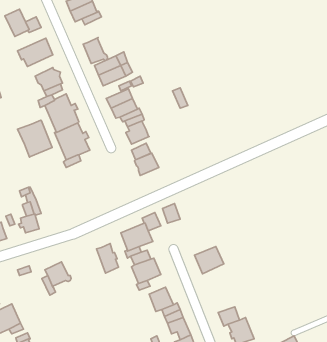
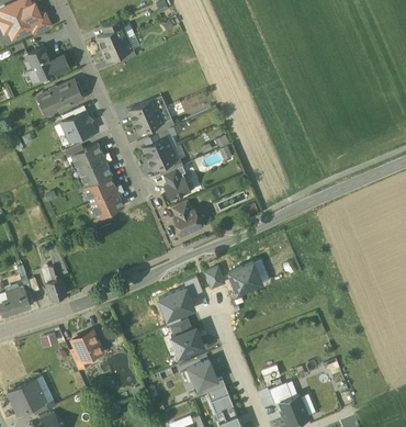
building: [83,38,107,64] -> none
building: [18,120,52,157] -> none
building: [97,244,118,273] -> none
building: [195,246,224,274] -> [228,262,261,293]

